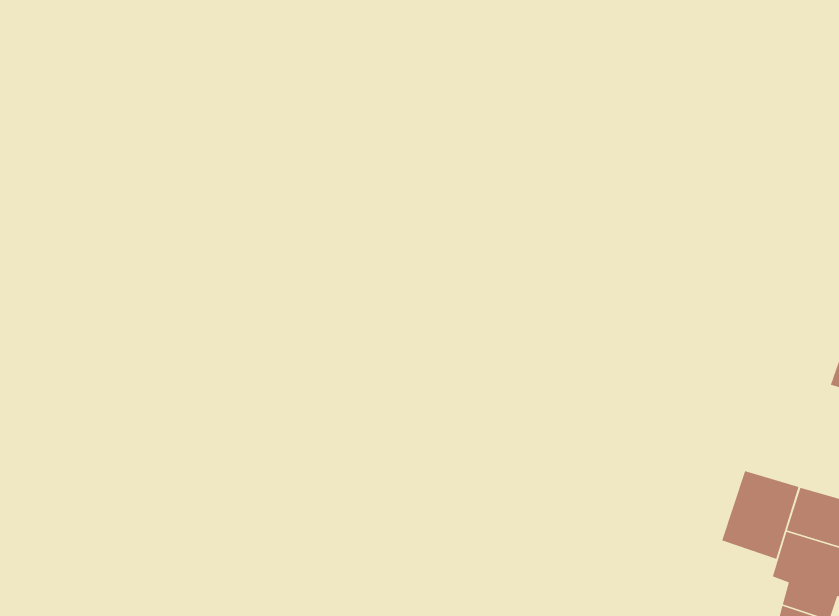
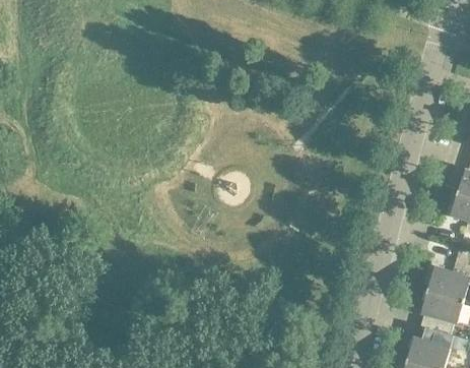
building: [721,470,799,560] -> none

